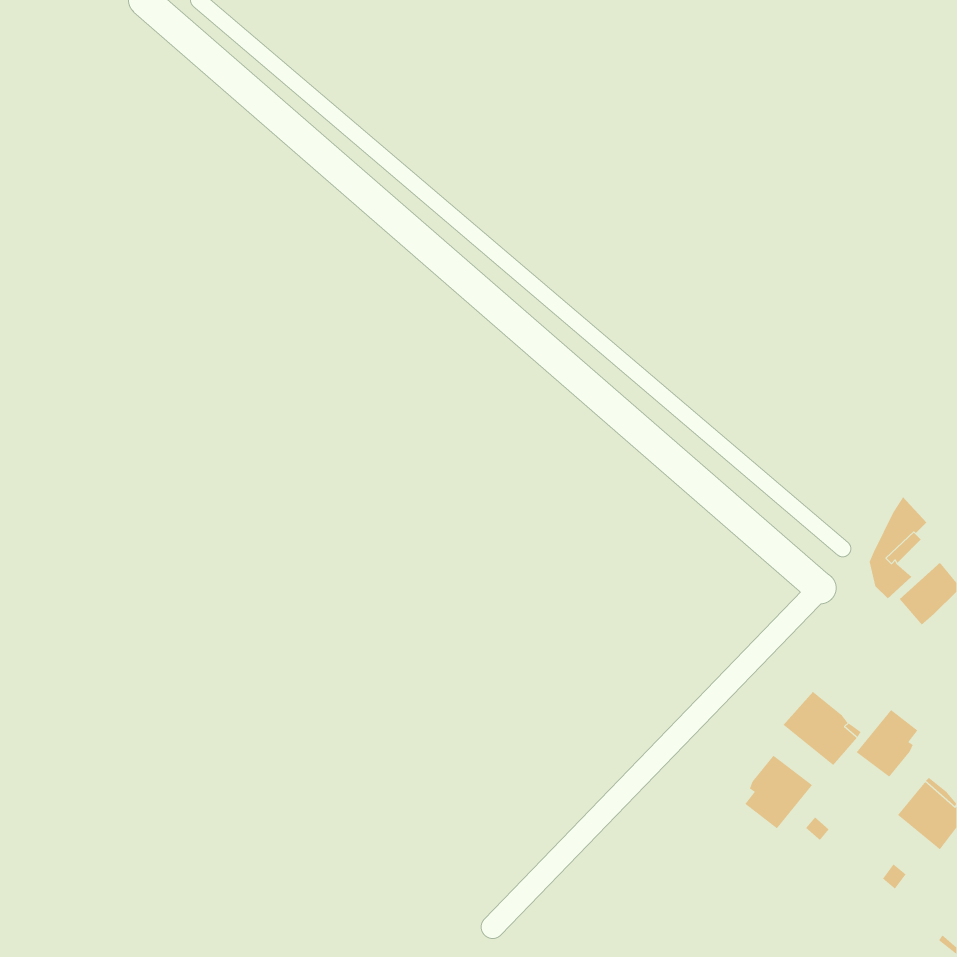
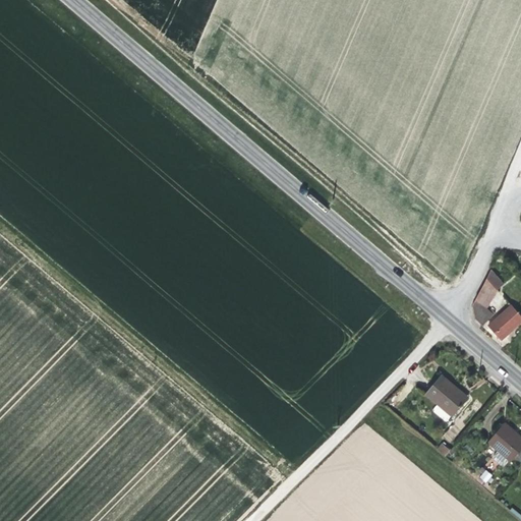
building: [856,709,918,778] -> none
building: [745,755,813,829] -> none

